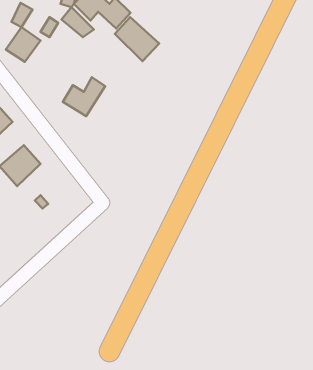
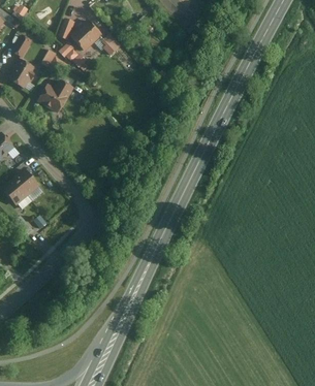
building: [115,17,159,61] -> none
building: [63,77,105,116] -> [36,78,75,115]

